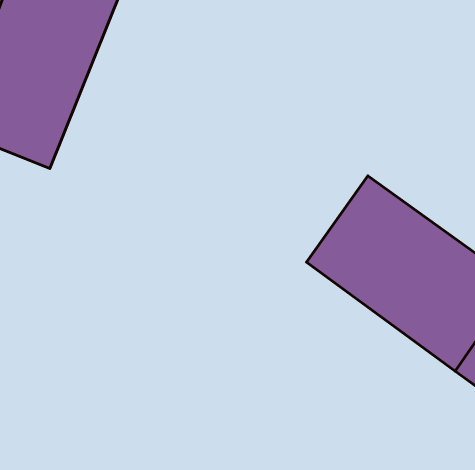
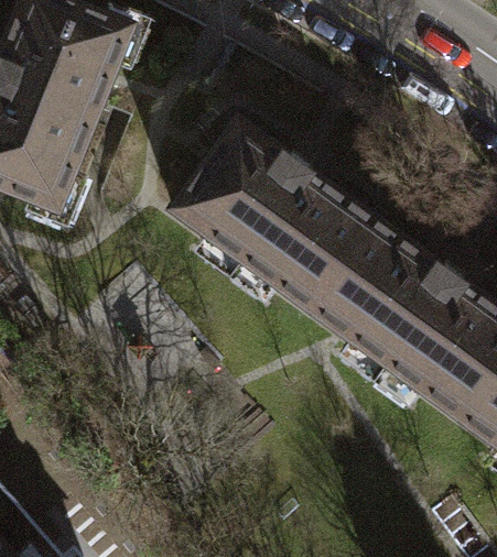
building: none -> [181,121,380,307]

